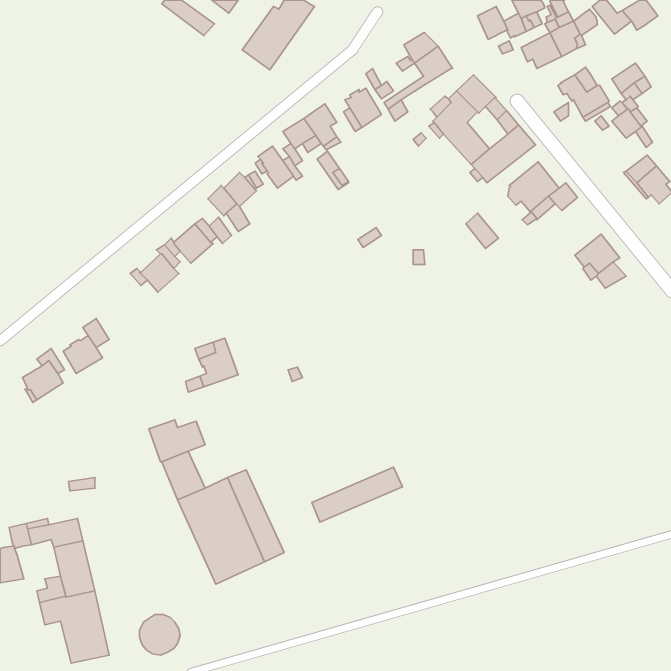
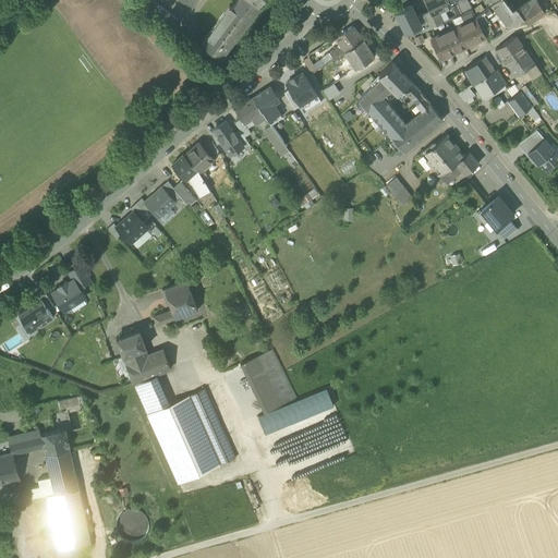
building: none -> [497,37,527,66]
building: none -> [118,330,147,357]
building: none -> [241,350,298,414]

